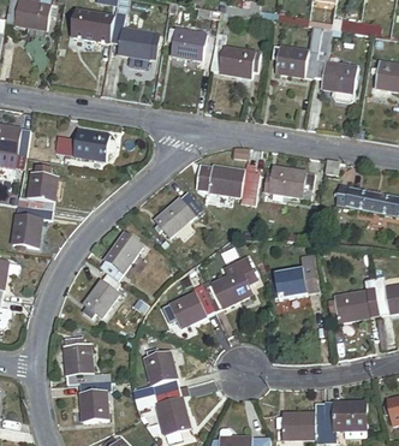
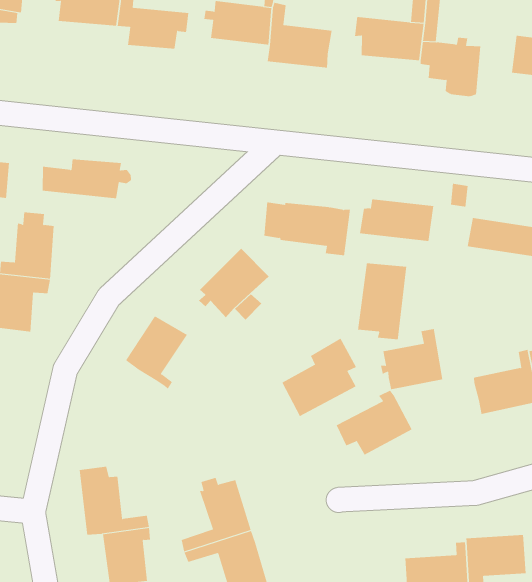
building: none -> [358,262,407,340]
building: [88,274,126,320] -> none
building: [165,285,216,328] -> [336,390,412,456]

